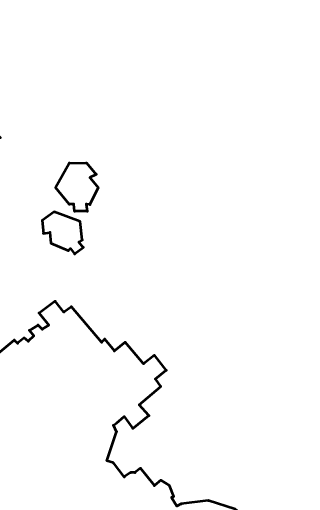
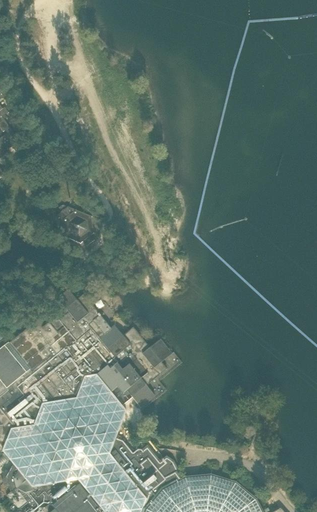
building: [56,163,98,211] -> none

